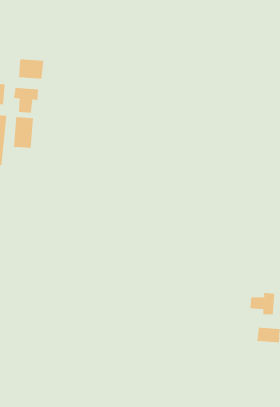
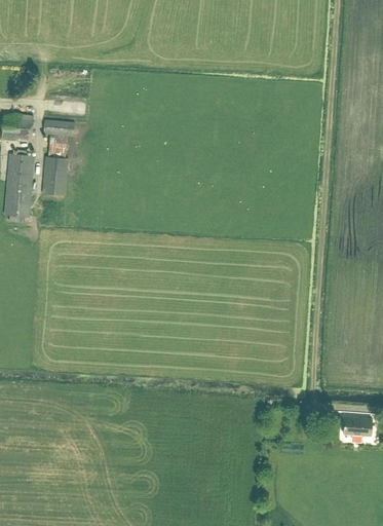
building: [19,59,44,79] -> none
building: [250,292,275,315] -> none

